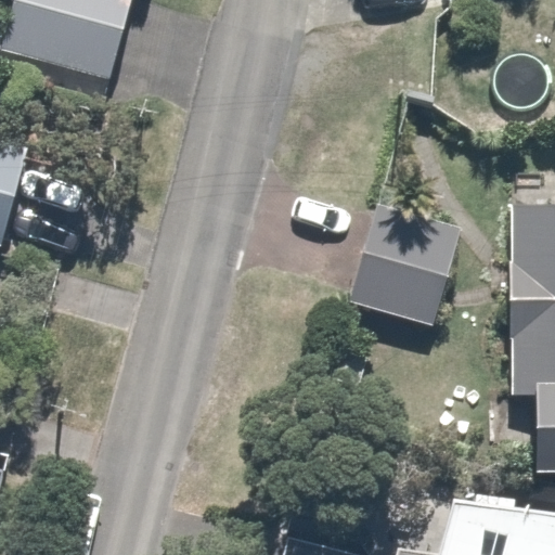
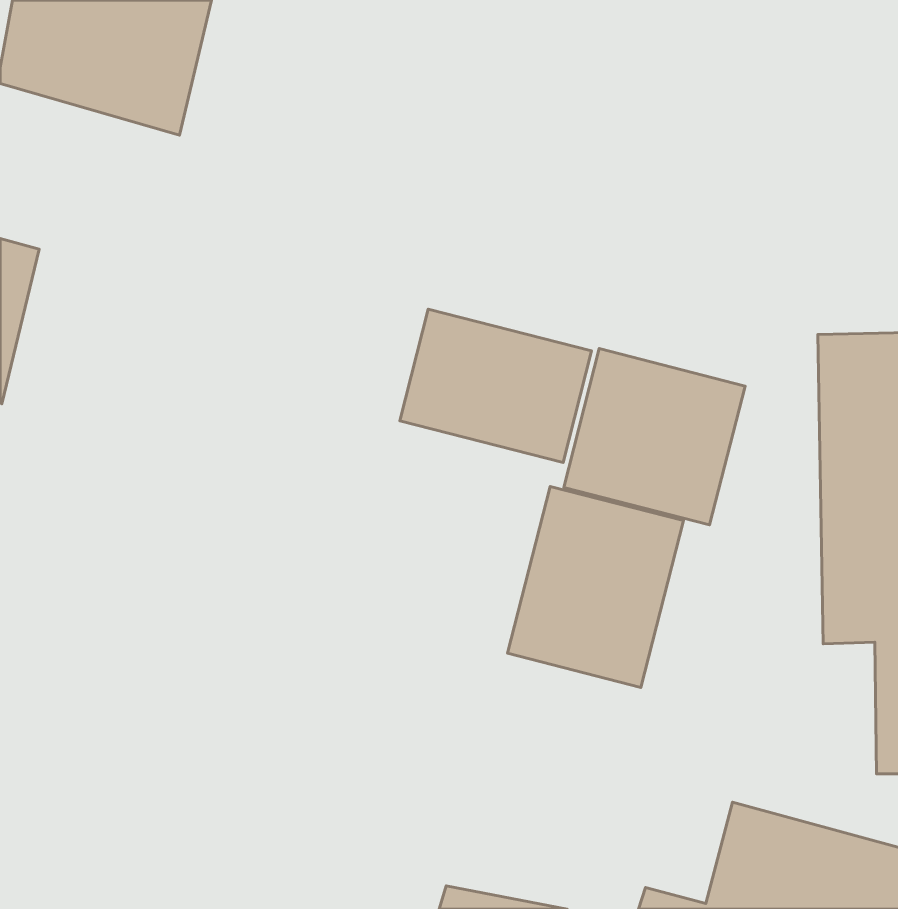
building: none -> [400,309,592,463]
building: none -> [508,486,684,687]

